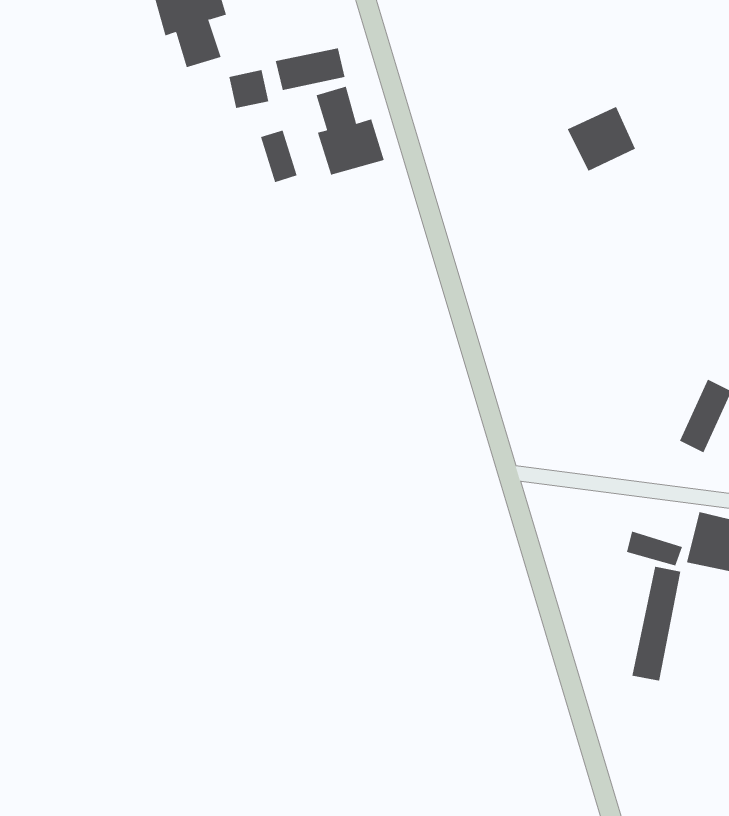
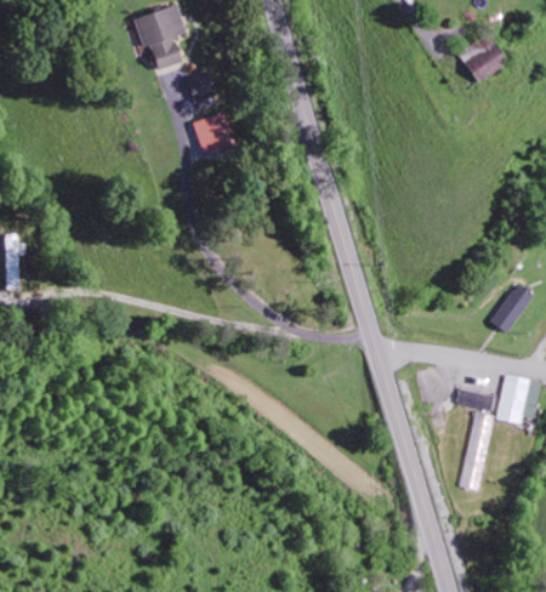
building: [275,47,345,91] -> none
building: [316,86,385,176] -> none
building: [567,106,636,172] -> [455,36,502,81]

